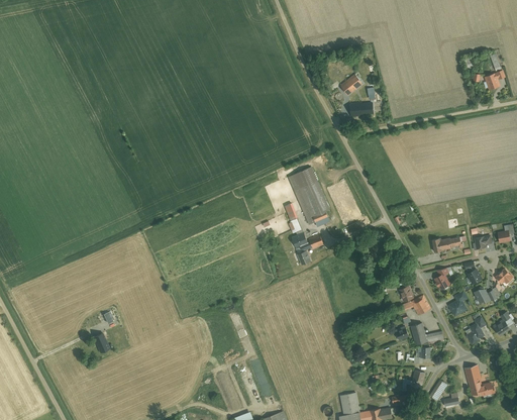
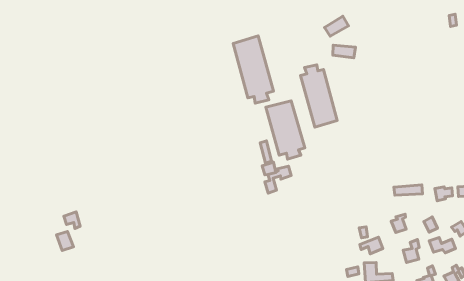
building: none -> [233,36,273,103]
building: none -> [300,65,337,127]

